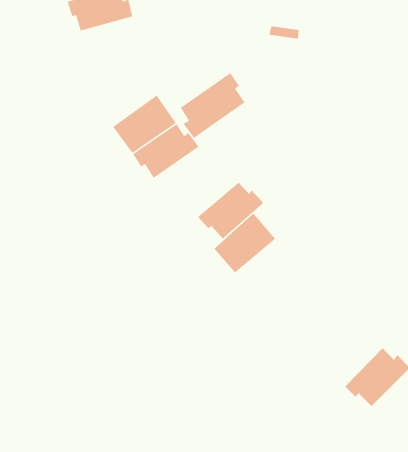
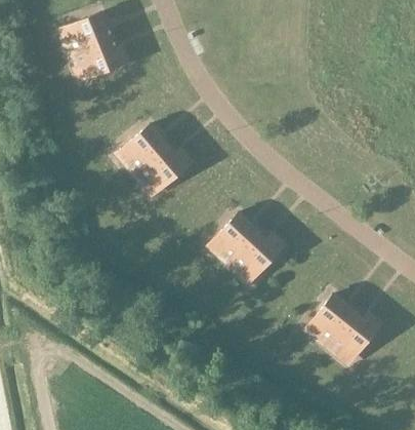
building: [180,72,245,139] -> none
building: [197,182,264,239] -> [233,230,286,278]
building: none -> [309,292,359,345]

